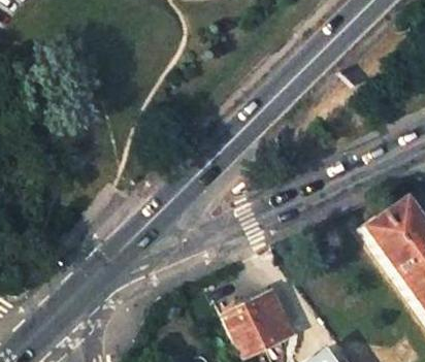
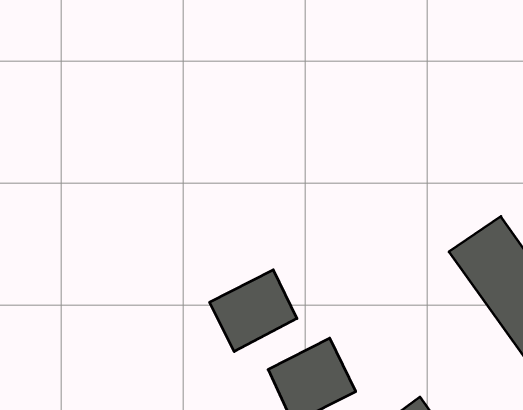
building: none -> [210,270,297,352]

